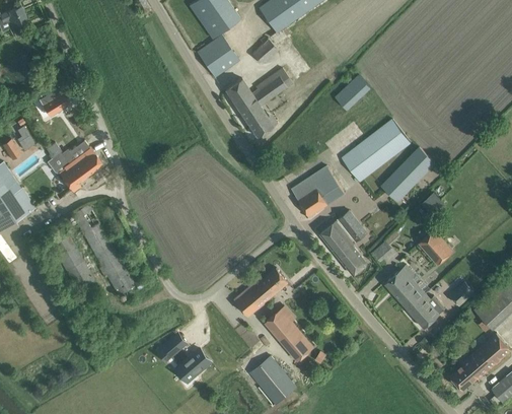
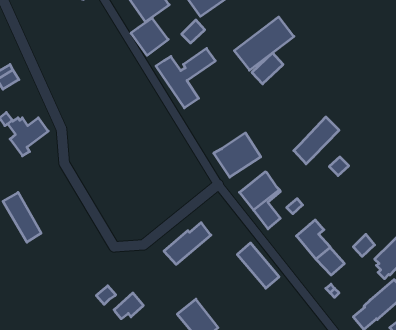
building: [341,121,409,182] -> [234,17,294,70]
building: [71,205,146,296] -> none
building: [419,230,452,265] -> none
building: [265,309,312,361] -> [237,243,279,288]

